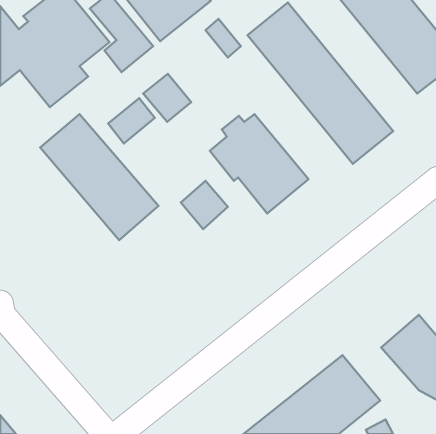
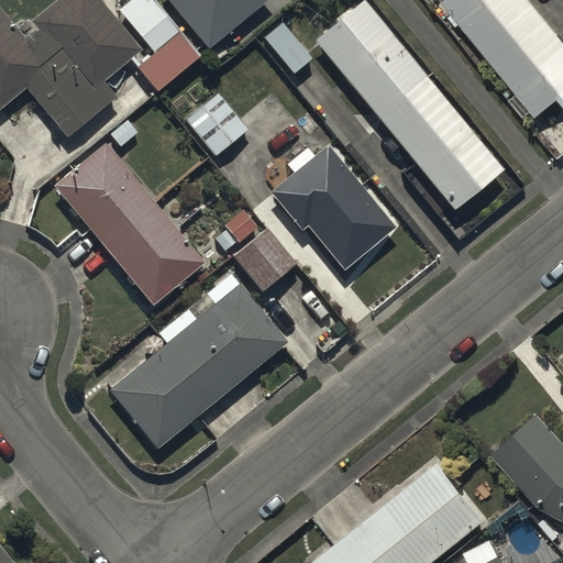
building: [108,98,155,144] -> none
building: none -> [110,276,285,449]

